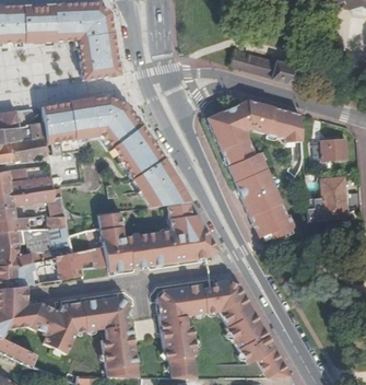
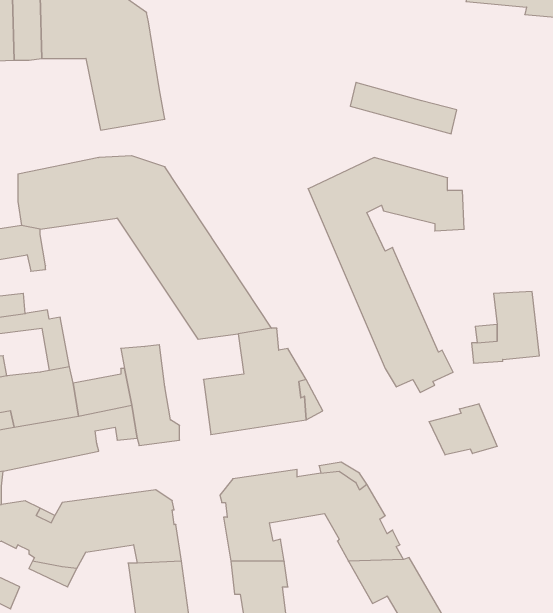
building: [312,141,346,163] -> none
building: [122,231,150,267] -> none
building: none -> [429,404,497,455]

